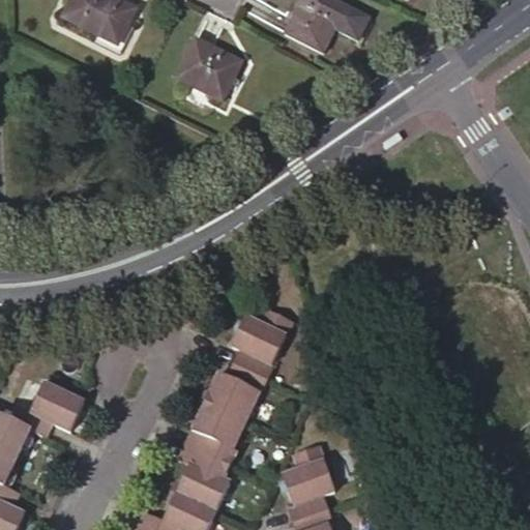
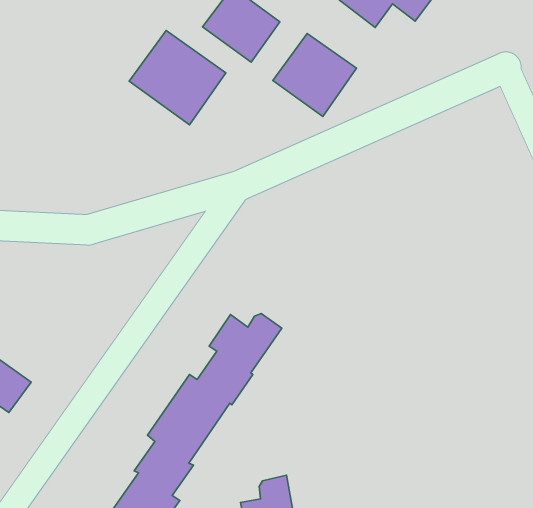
building: none -> [273,33,356,117]
building: none -> [129,30,226,125]

